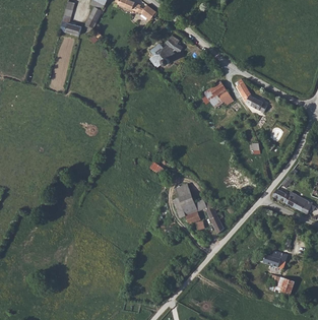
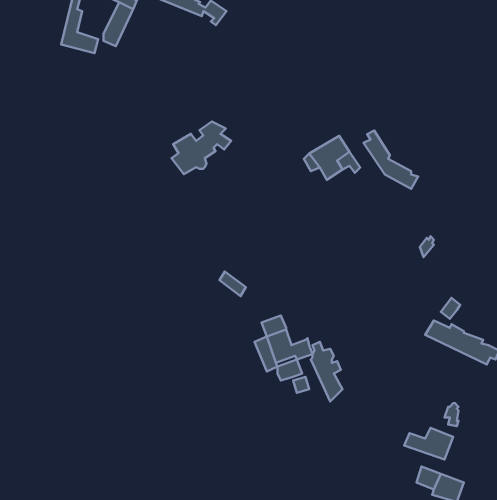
building: [149,36,184,66] -> [171,121,231,174]

